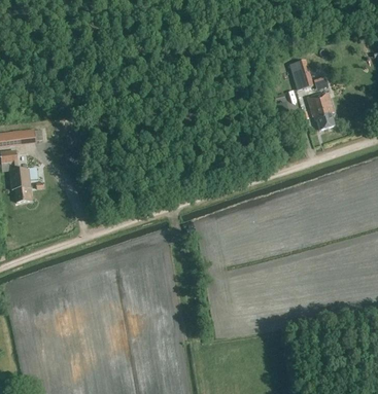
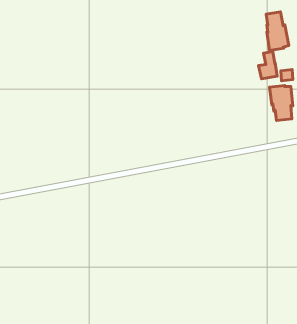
building: none -> [266,12,289,51]

